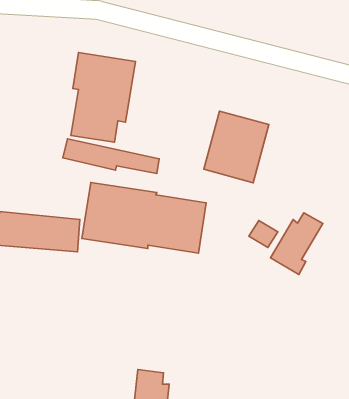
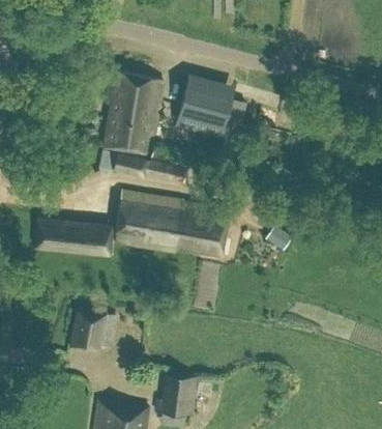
building: [204,111,269,183] -> [175,74,235,140]
building: [271,213,323,274] -> none
building: none -> [71,310,115,347]

